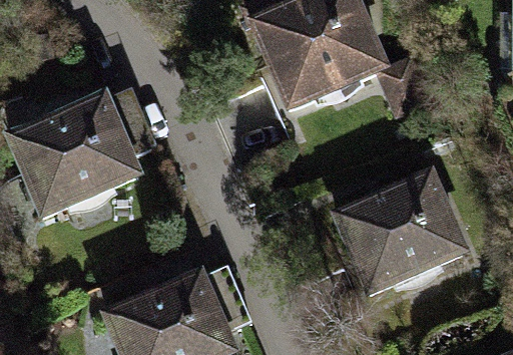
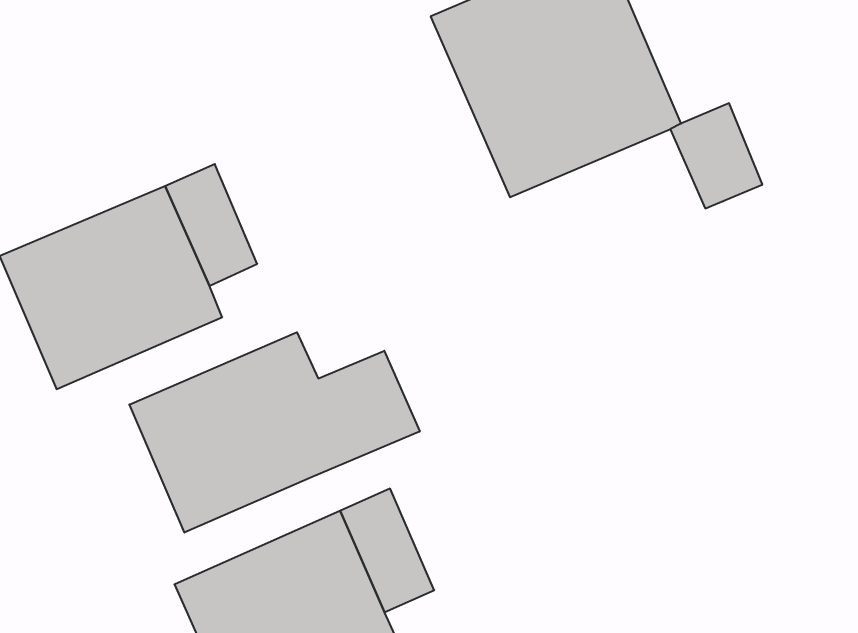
building: [338,180,460,291] -> none
building: none -> [129,332,420,533]

